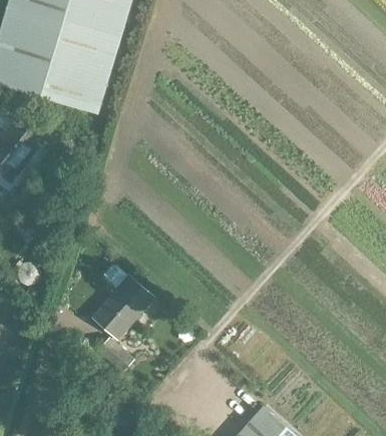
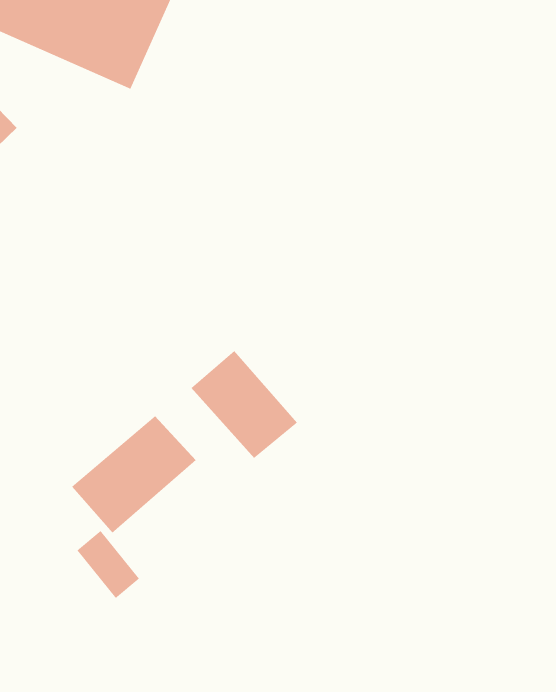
building: none -> [191,350,298,459]

